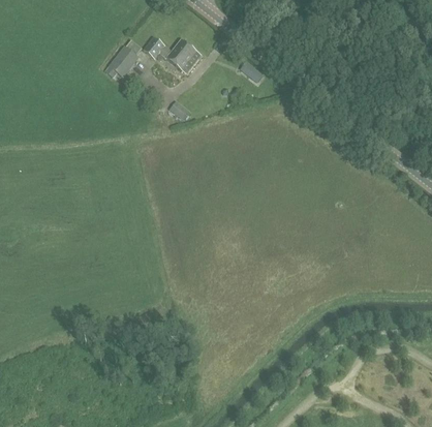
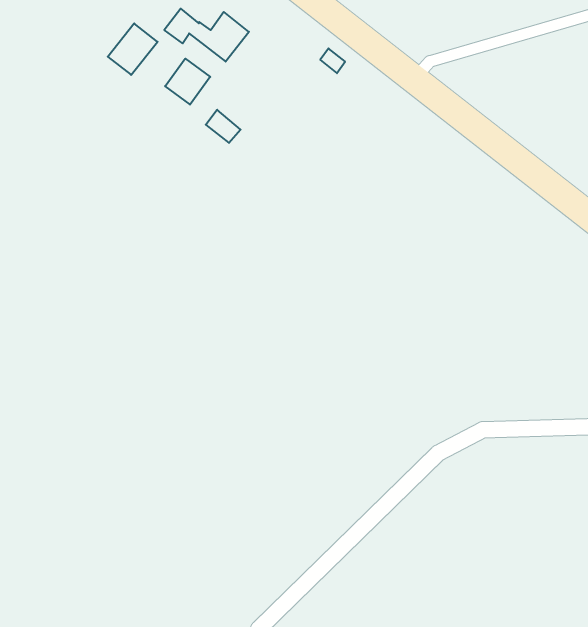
building: none -> [165,59,210,105]

